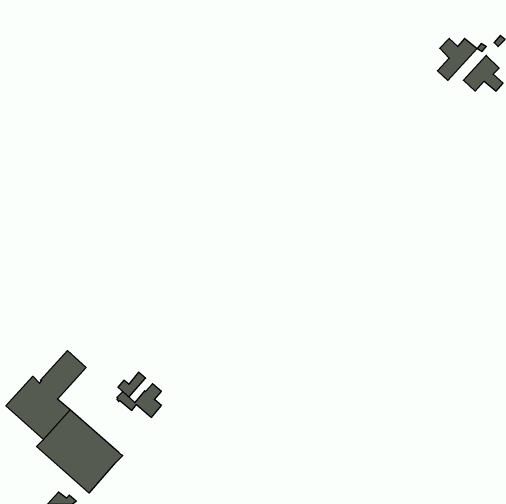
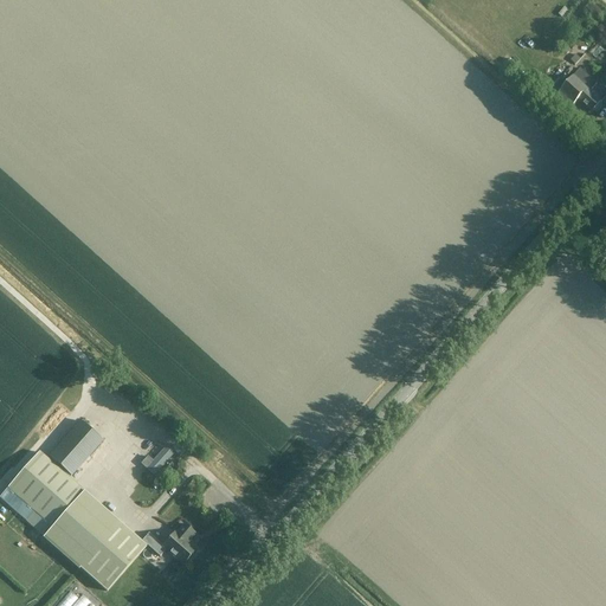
building: [437,38,477,80] -> none
building: [117,384,161,417] -> [142,522,195,562]

